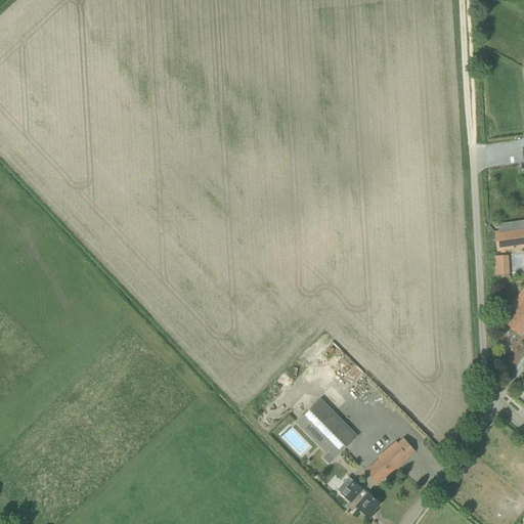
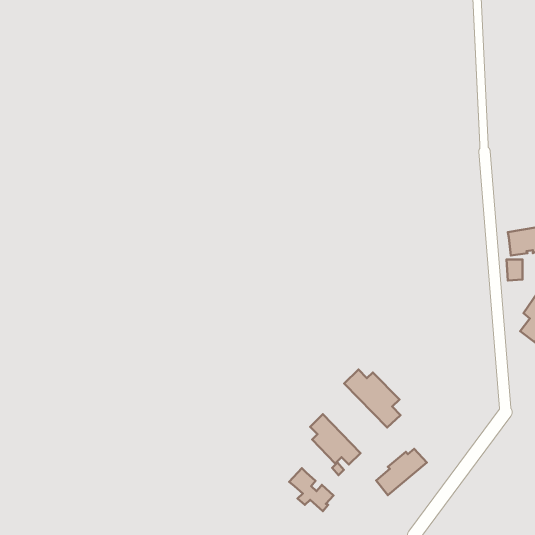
building: none -> [344,370,400,428]
building: [339,475,382,517] -> [289,468,333,511]

